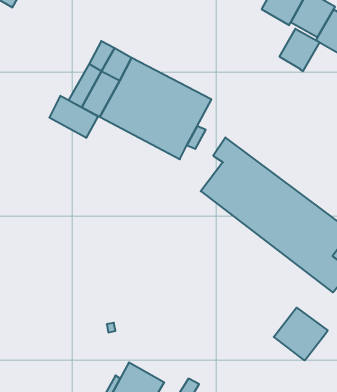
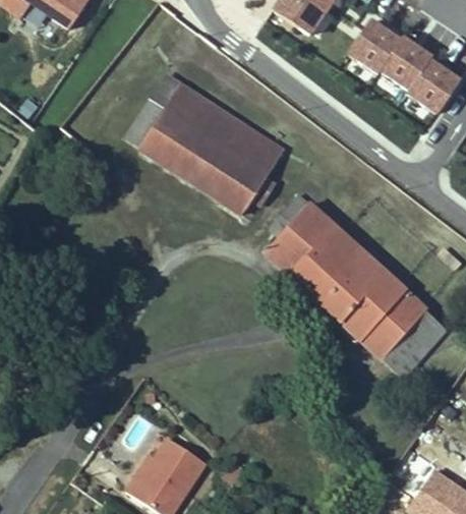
building: [280,29,319,71] -> none
building: [49,96,98,138] -> none
building: [274,308,328,360] -> none

